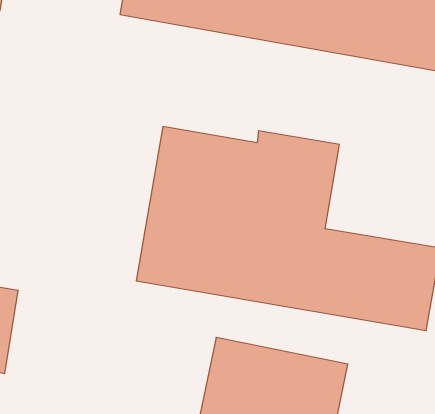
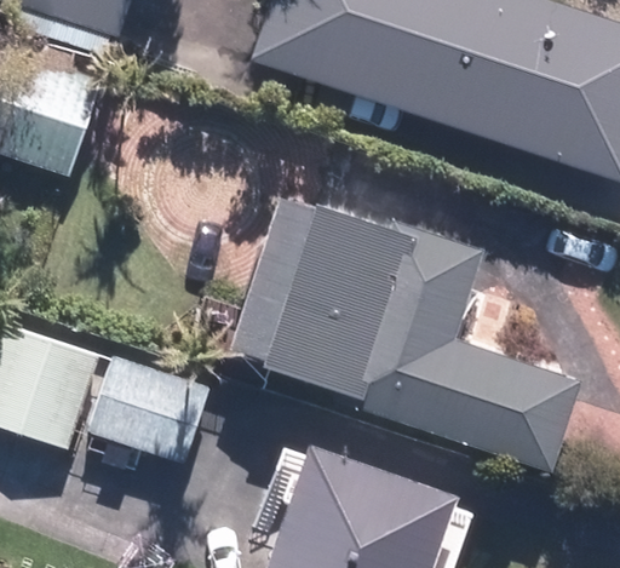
building: none -> [91,360,212,464]

